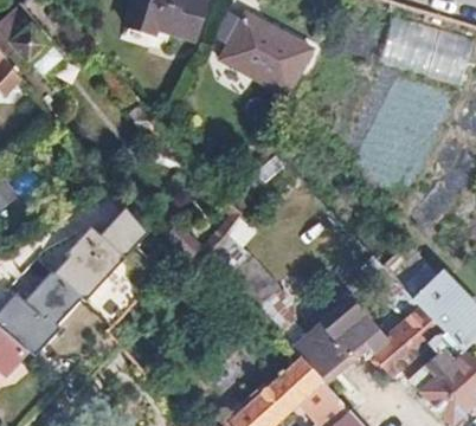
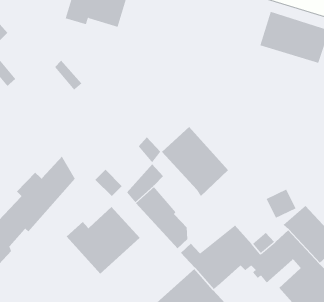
building: [219,12,313,93] -> none
building: none -> [161,126,229,197]
building: none -> [66,206,140,274]

